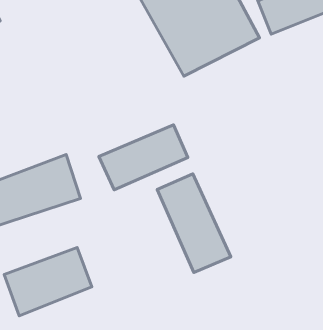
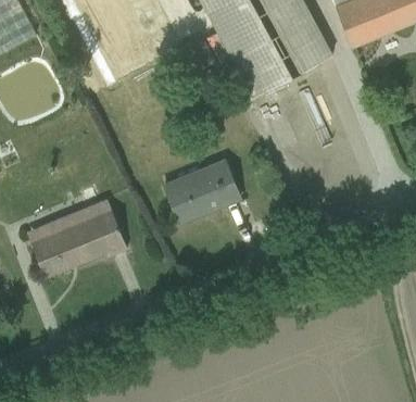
building: [157,174,231,272] -> none
building: [4,247,92,316] -> none

